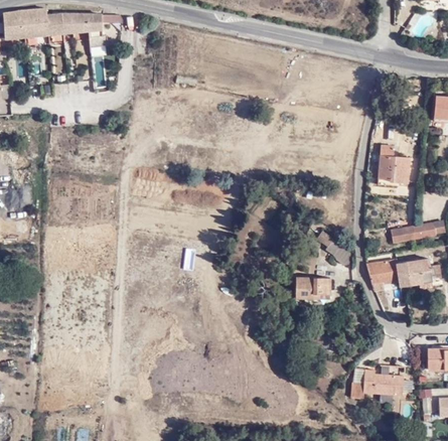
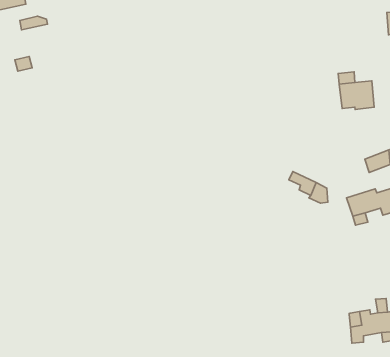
building: [297,276,330,298] -> none

